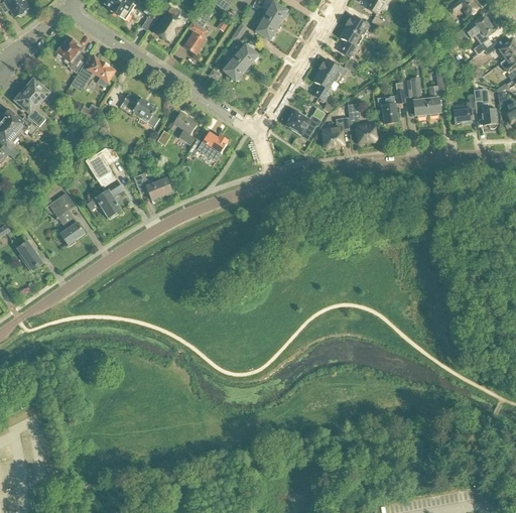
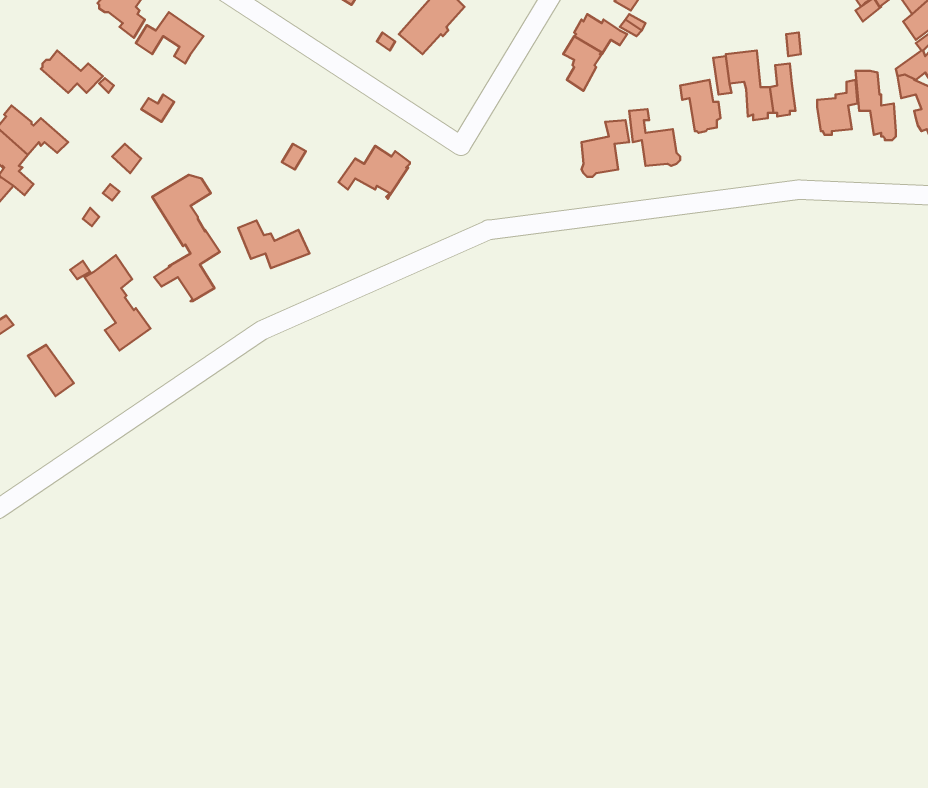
building: [15,89,44,125] -> none
building: [120,95,159,126] -> none
building: [286,107,325,138] -> none
building: [168,113,197,144] -> none

